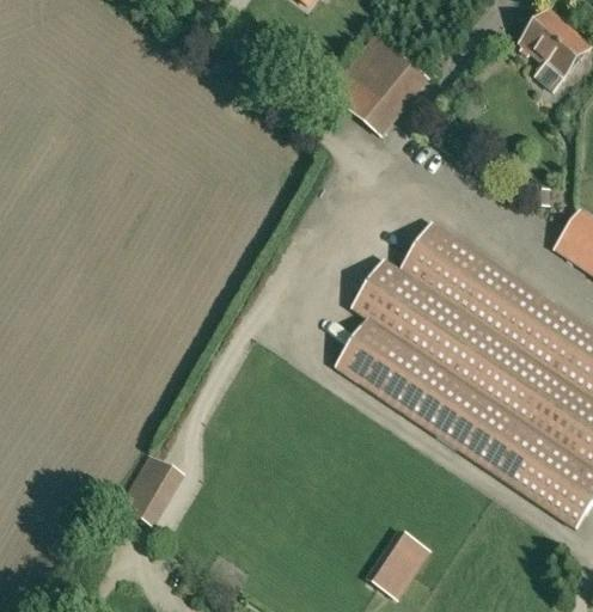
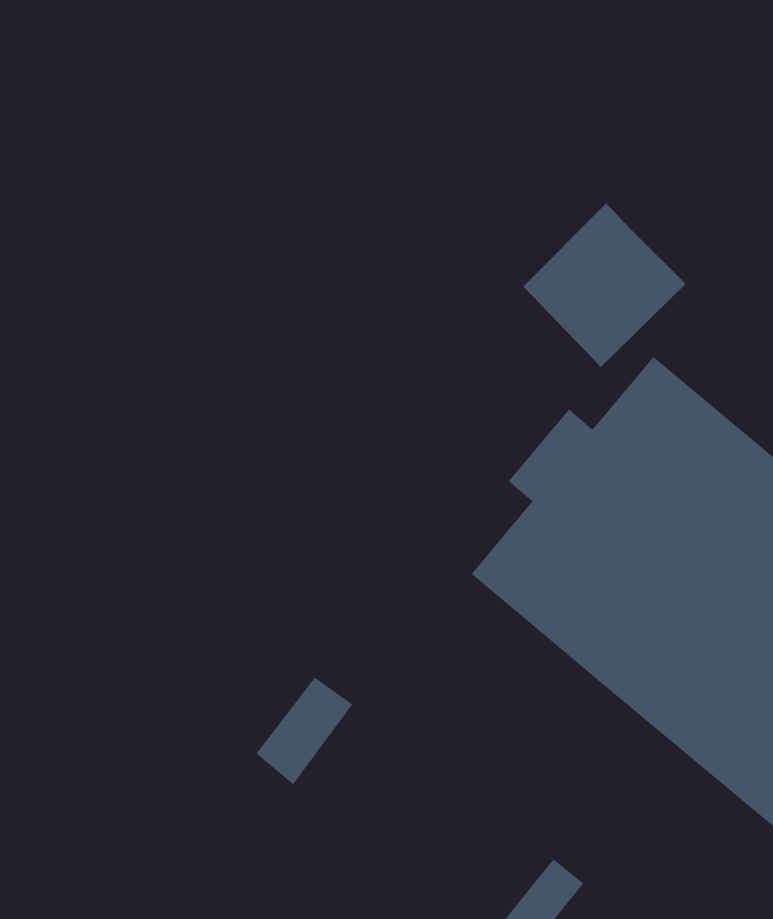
building: [325,33,424,134] -> [523,203,686,368]
building: [118,457,175,524] -> [255,677,353,785]

